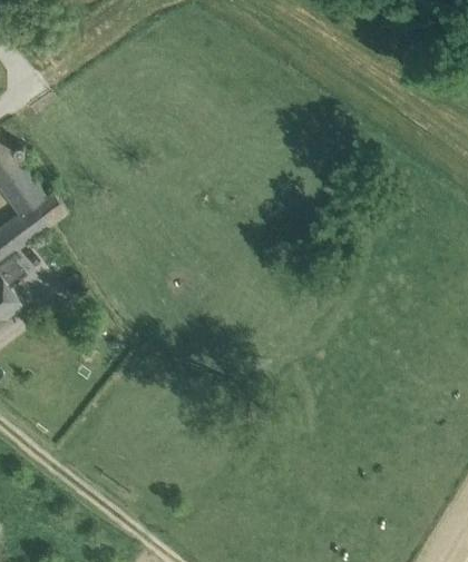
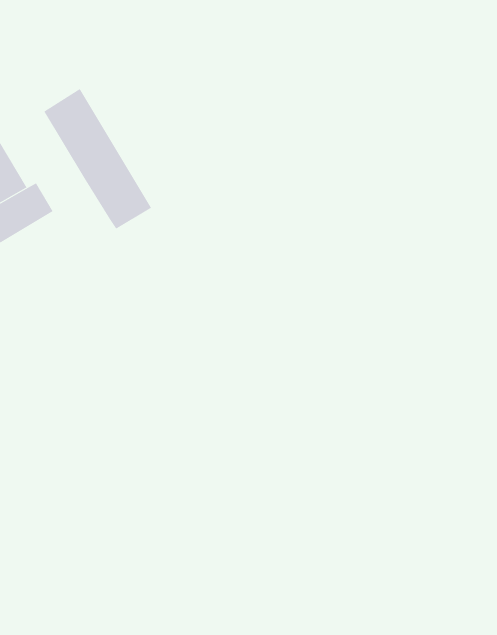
building: none -> [44,88,152,229]

